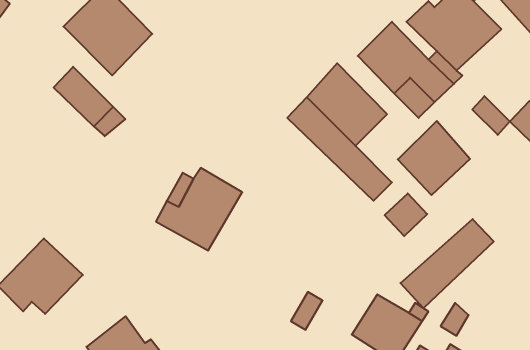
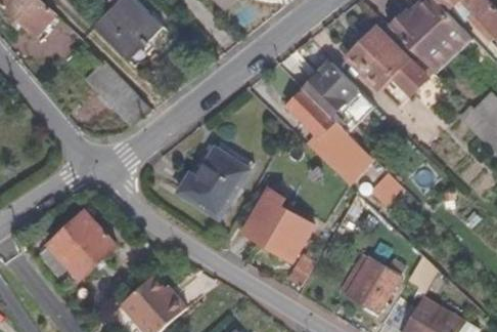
building: [398,121,470,195] -> none
building: [400,219,494,308] -> none
building: none -> [243,197,313,262]

